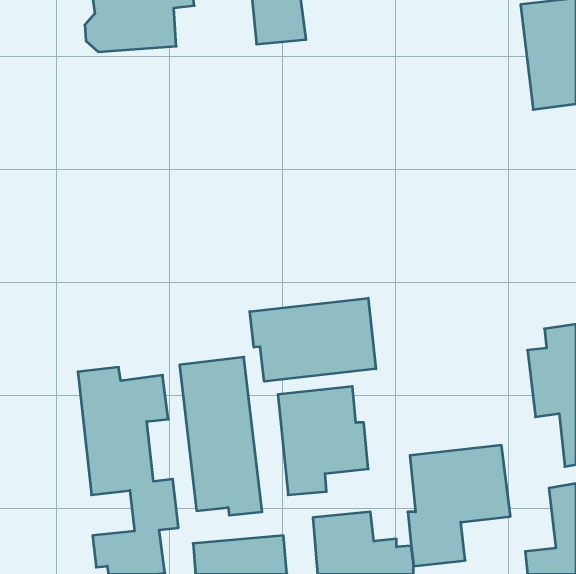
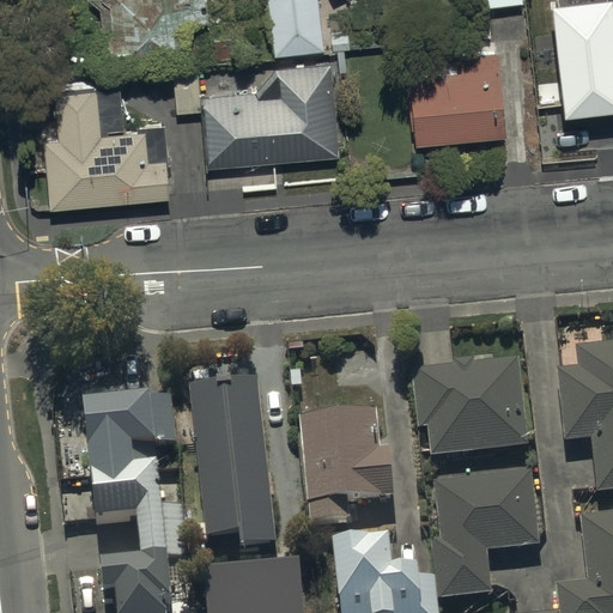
building: none -> [408,44,505,139]
building: none -> [195,56,334,157]
building: none -> [42,77,166,195]
building: [250,298,376,381] -> none
building: none -> [412,359,528,456]

